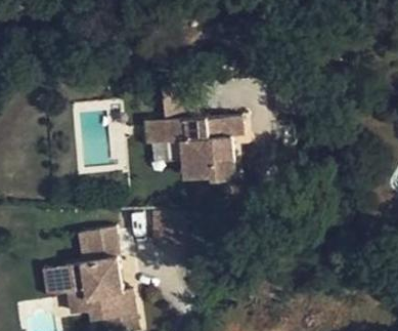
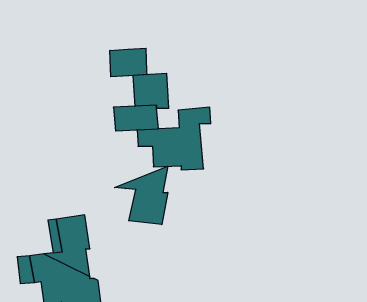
building: none -> [110,48,147,77]
building: none -> [115,166,168,225]

